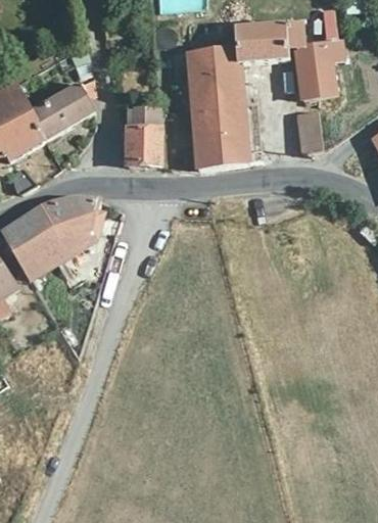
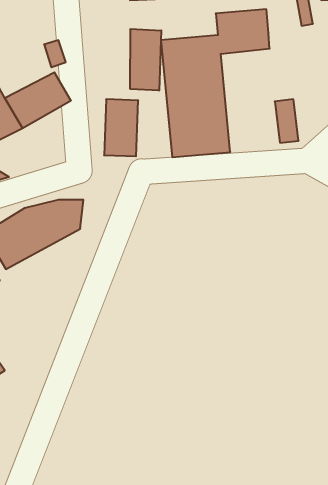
building: [289,38,341,96] -> none
building: none -> [130,29,161,91]

